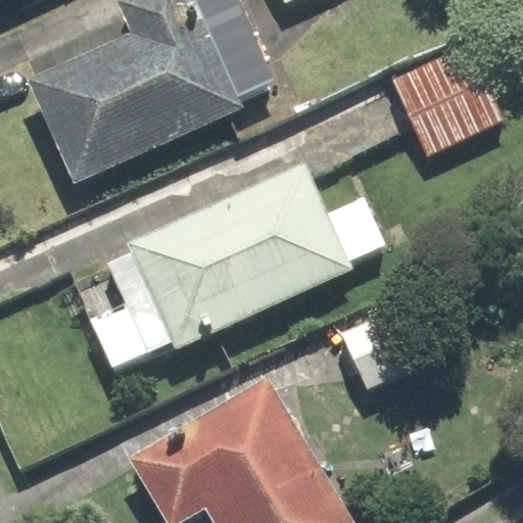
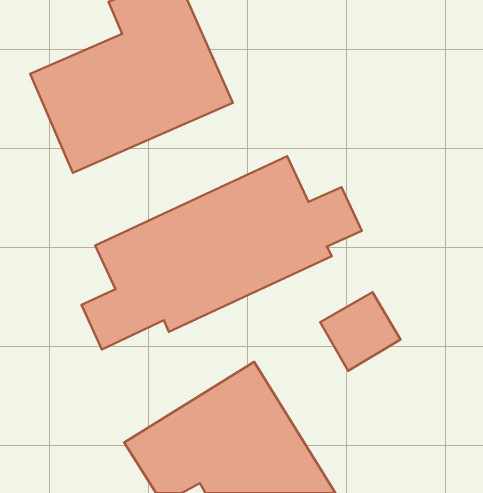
building: [382,37,505,158] -> none

